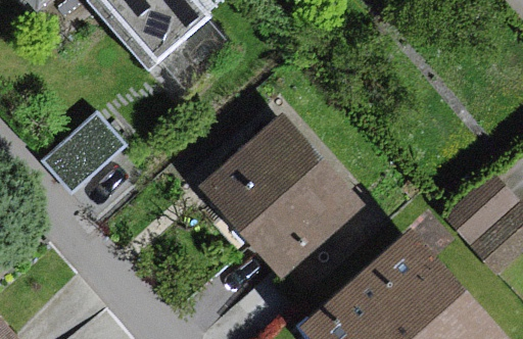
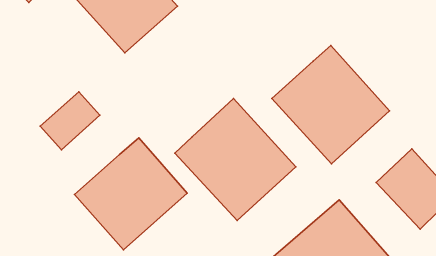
building: none -> [272,45,390,164]
building: none -> [74,138,187,250]

